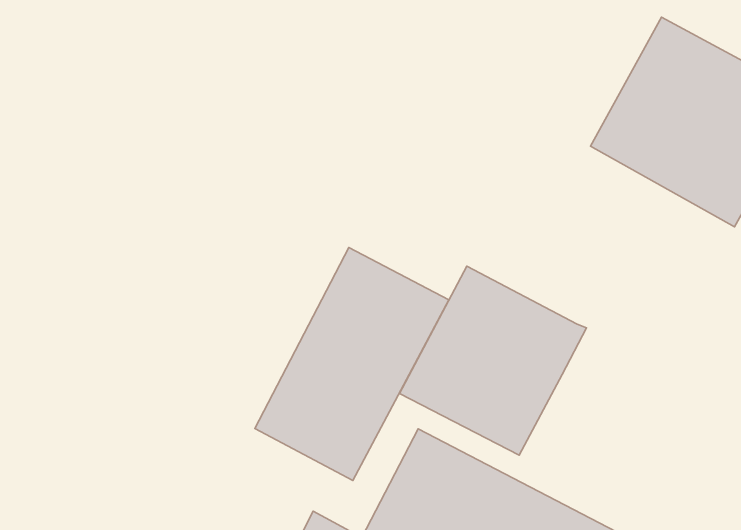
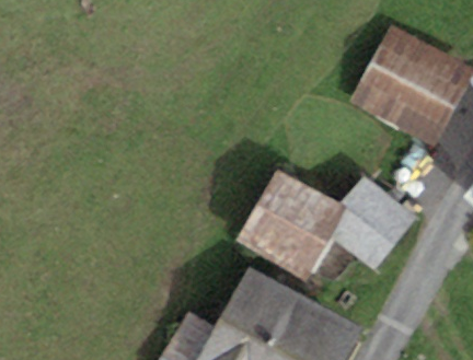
building: [255,248,449,480] -> none
building: none -> [332,176,419,271]

